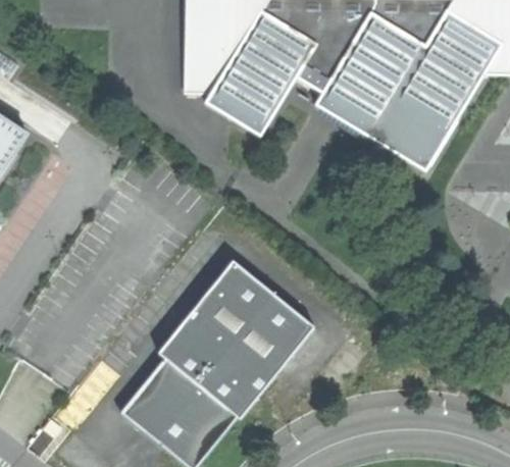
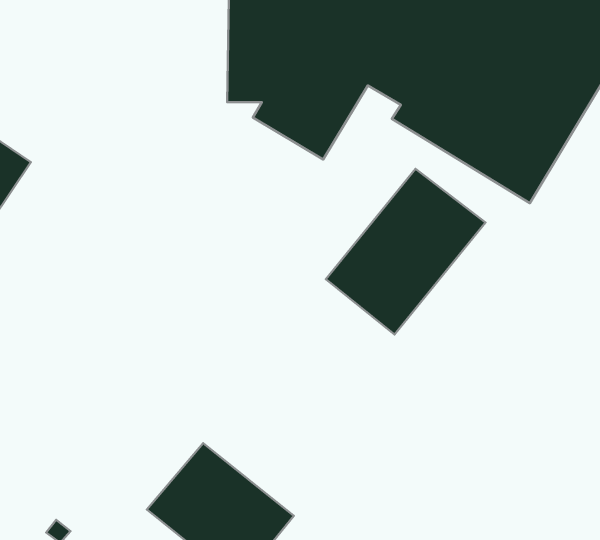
building: none -> [326,169,486,334]
building: [158,261,315,420] -> none

